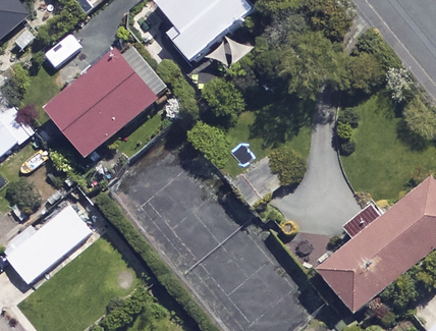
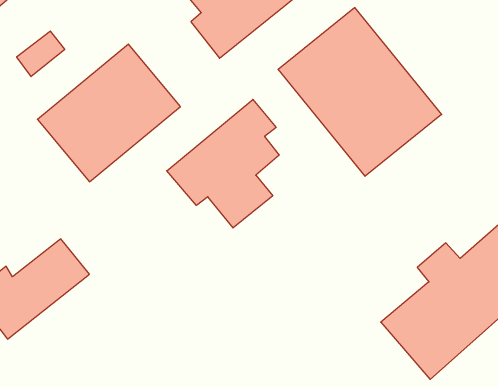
building: none -> [278,8,442,176]
building: none -> [167,99,279,228]

